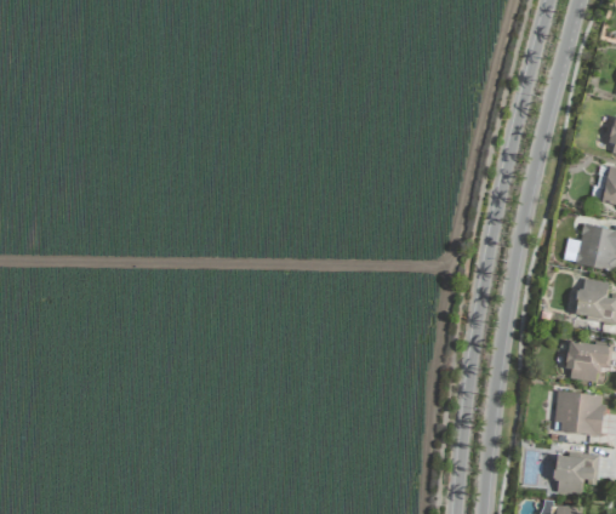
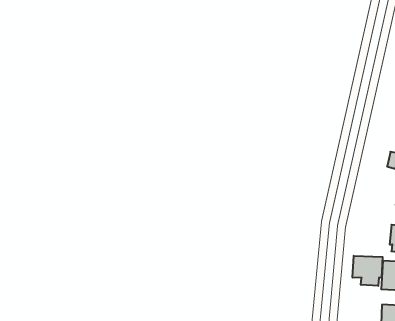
building: none -> [353,256,383,286]

